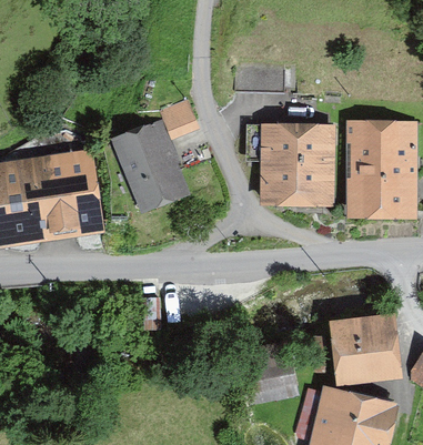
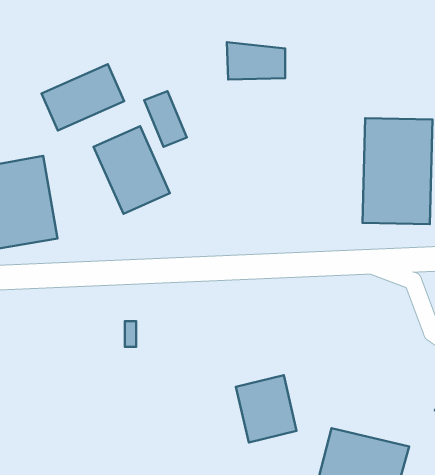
building: none -> [41,64,124,131]
building: [261,125,331,205] -> none
building: [333,316,396,382] -> none

